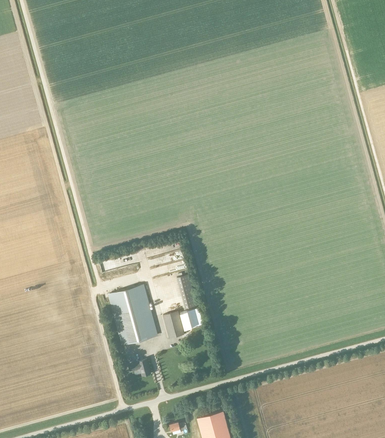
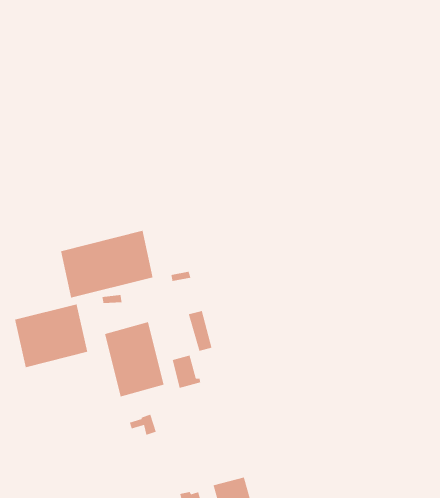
building: none -> [60,230,153,298]
building: none -> [14,303,88,368]

